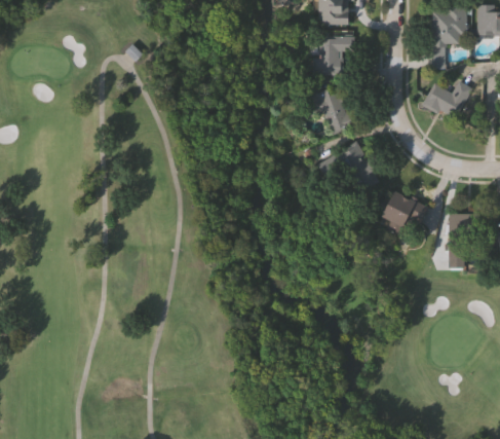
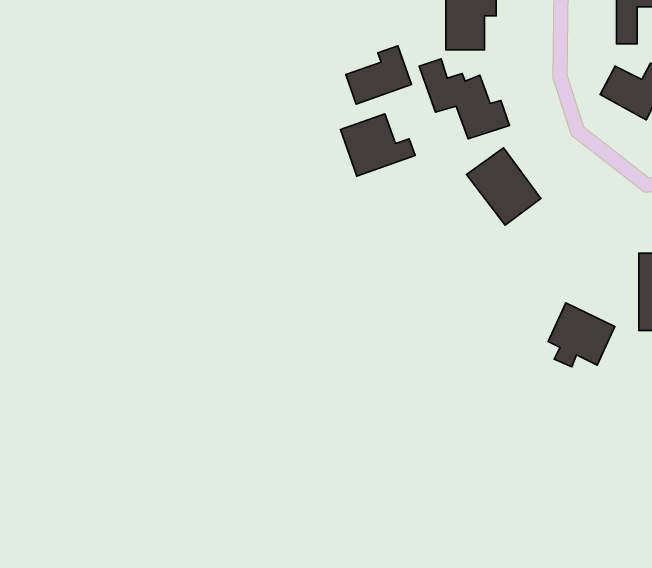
building: none -> [346,46,412,104]
building: none -> [340,114,415,176]
building: [382,189,428,233] -> [548,303,615,367]

